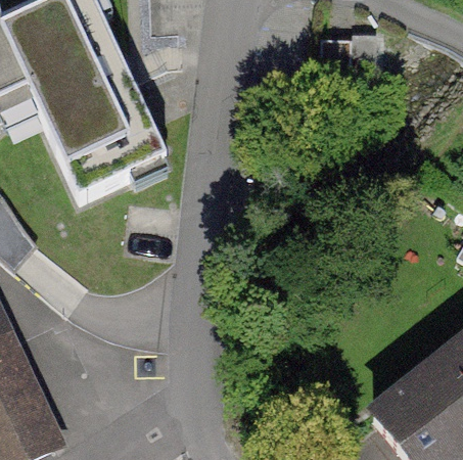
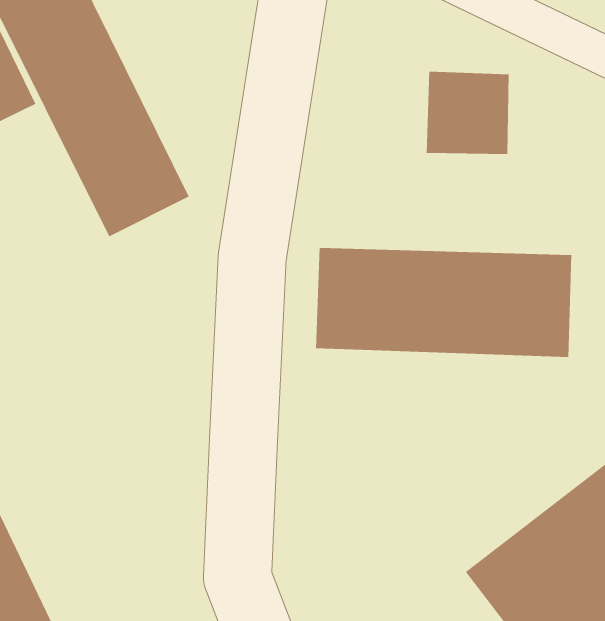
building: none -> [315,247,572,358]

